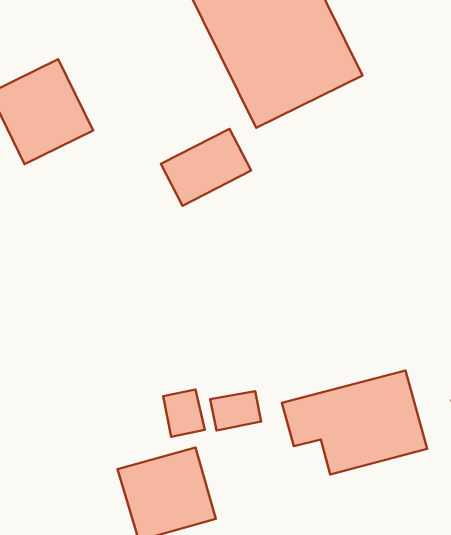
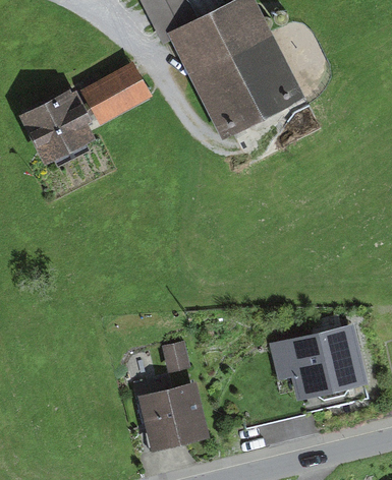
building: [161,129,251,206] -> [88,63,156,121]
building: [210,391,261,431] -> none

